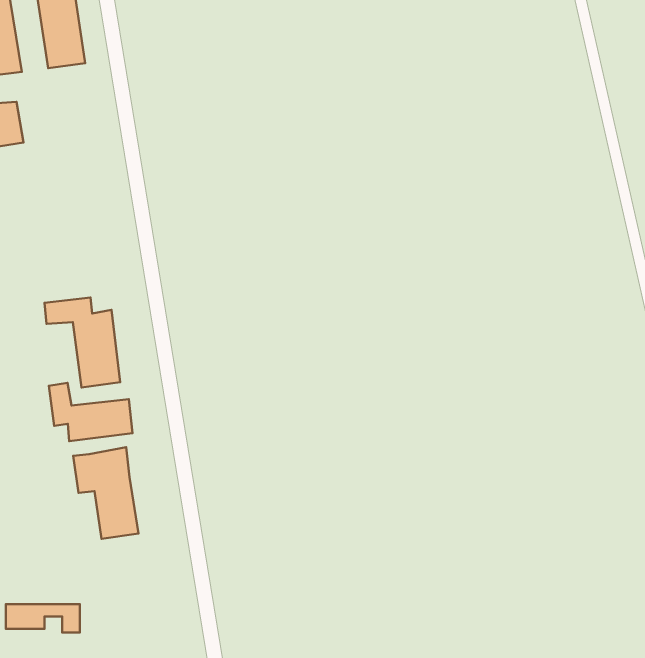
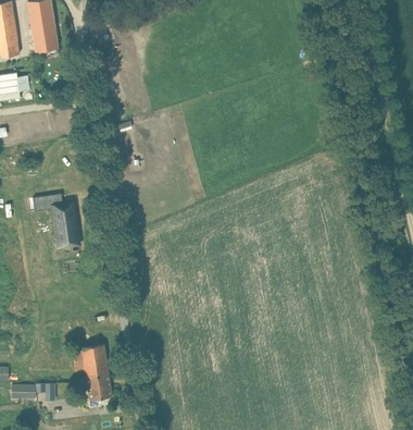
building: [49,383,133,441] -> none
building: [73,447,138,539] -> [72,344,112,401]

